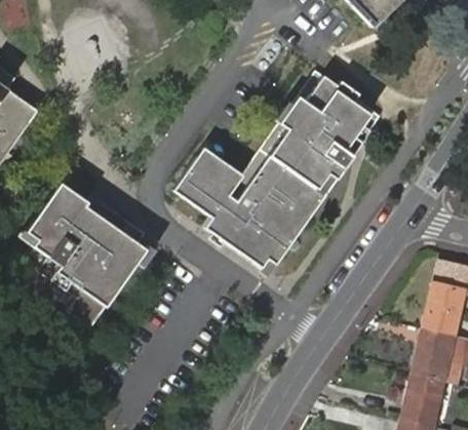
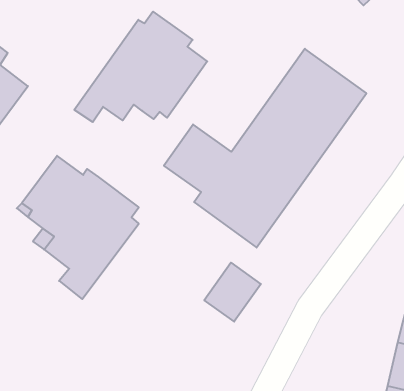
building: none -> [74,12,207,122]
building: none -> [204,263,261,322]

